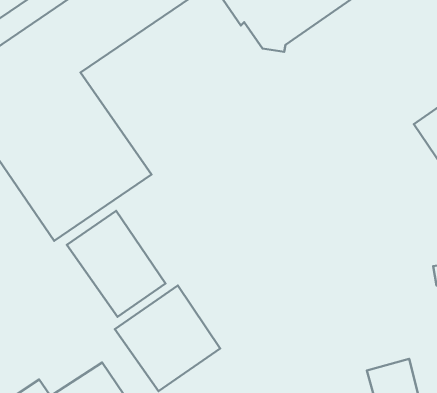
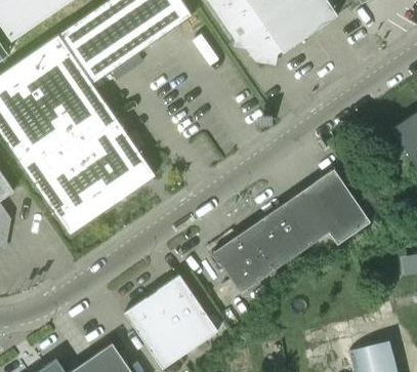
building: none -> [212,168,367,292]
building: [67,211,166,317] -> none

